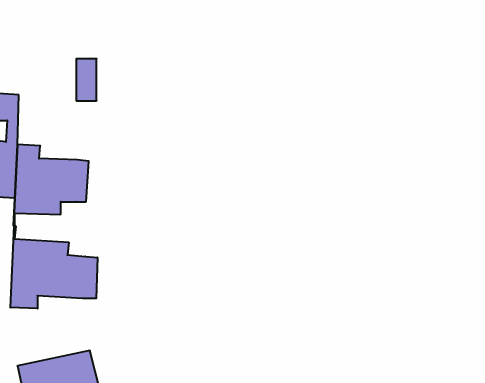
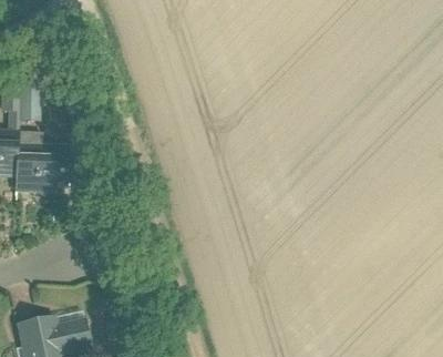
building: [76,59,97,101] -> [20,83,38,120]
building: [10,226,97,309] -> none

